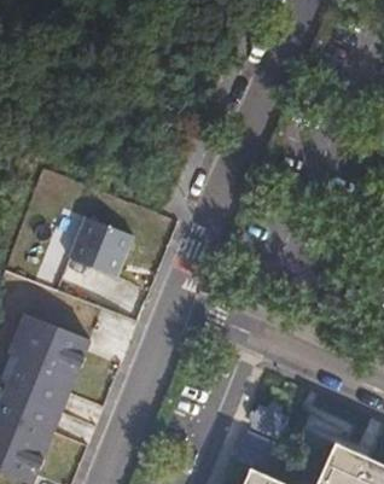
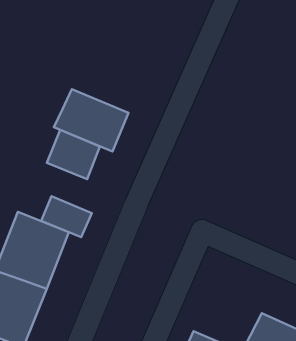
building: none -> [54,89,128,152]
building: none -> [41,196,92,237]

